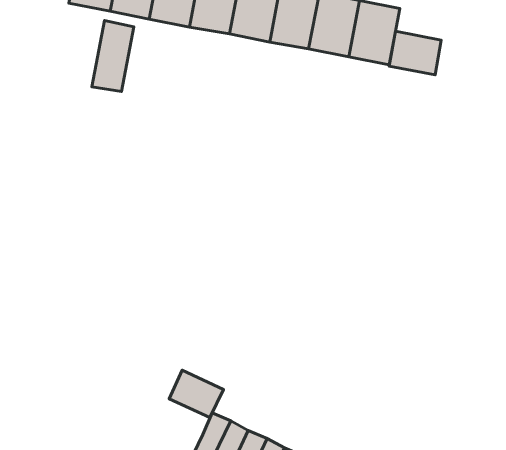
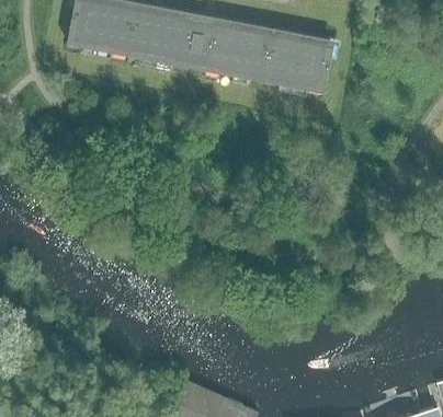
building: [92,21,134,92] -> none
building: [389,31,441,75] -> none
building: [169,370,224,418] -> none

